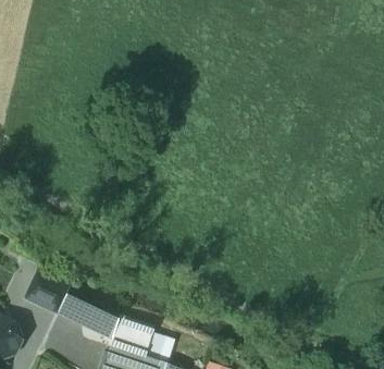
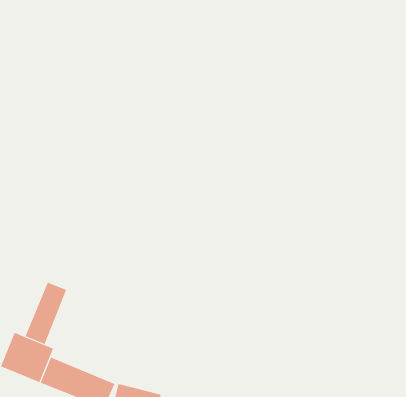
building: none -> [25,282,67,345]

